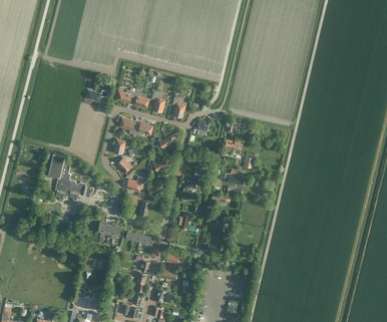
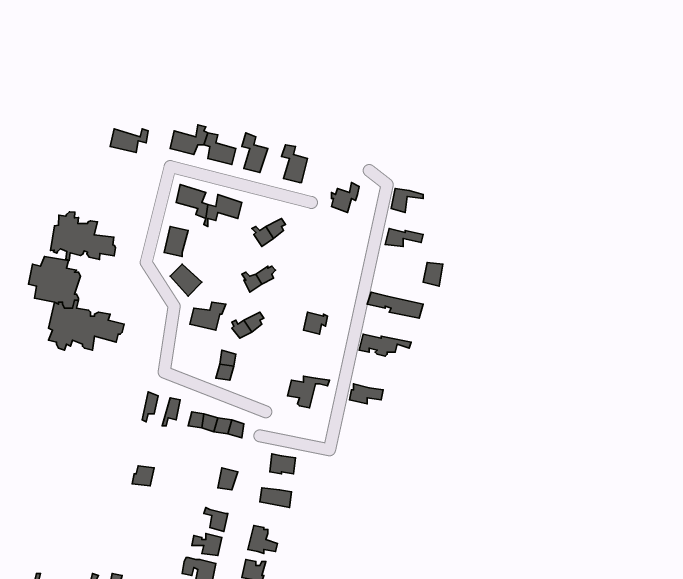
building: none -> [50,212,115,261]

